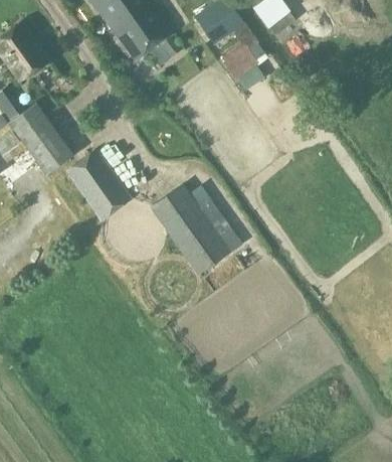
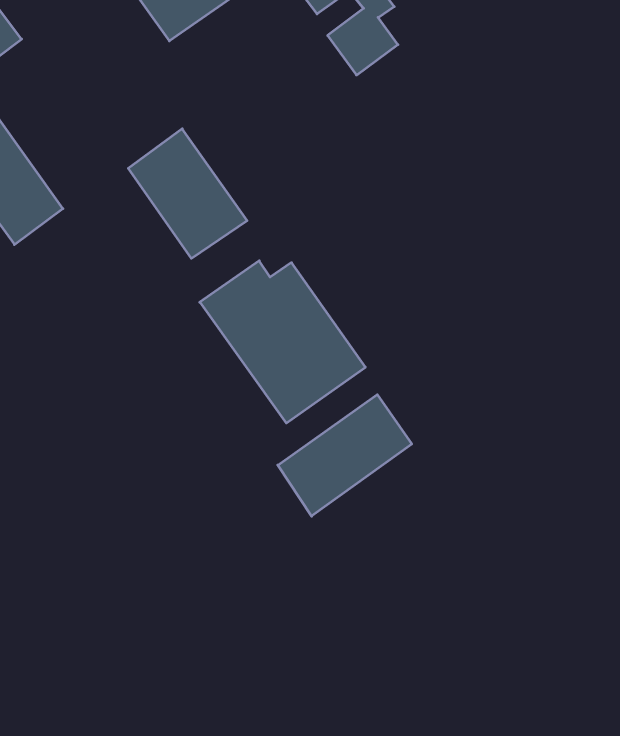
building: [66,149,133,221] -> [128,129,247,258]
building: none -> [278,395,412,516]

